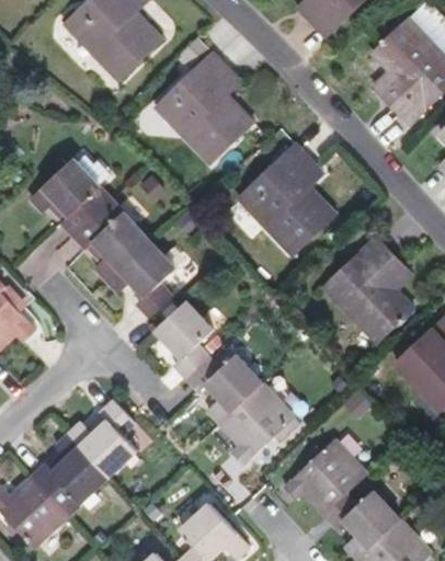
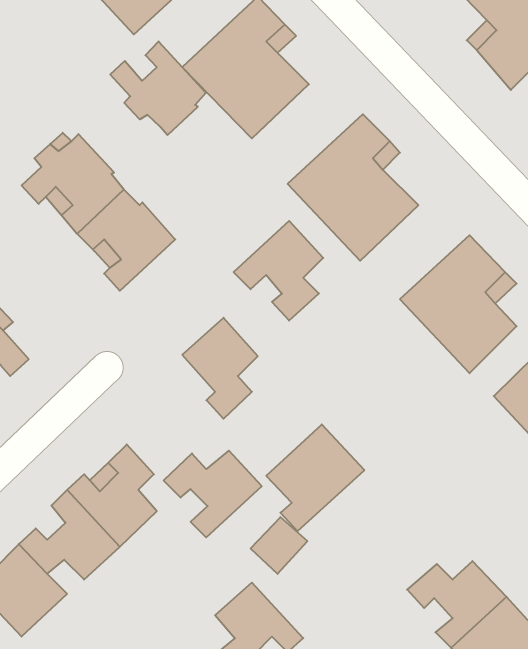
building: none -> [110,41,206,135]
building: [106,240,175,317] -> [234,221,323,321]
building: [186,355,262,422] -> [164,451,262,537]
building: [288,436,370,510] -> none

